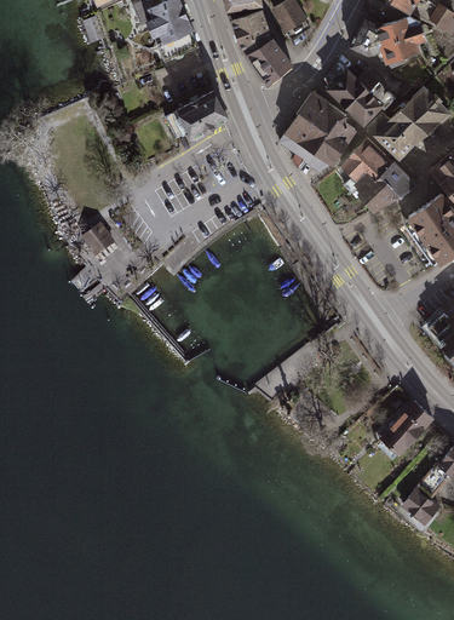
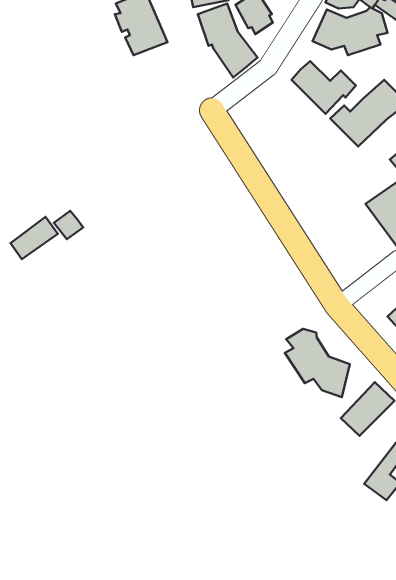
building: [161,91,226,142] -> none
building: [278,92,355,171] -> none
building: [340,138,416,211] -> none
building: none -> [11,217,58,259]
building: none -> [285,329,350,397]

